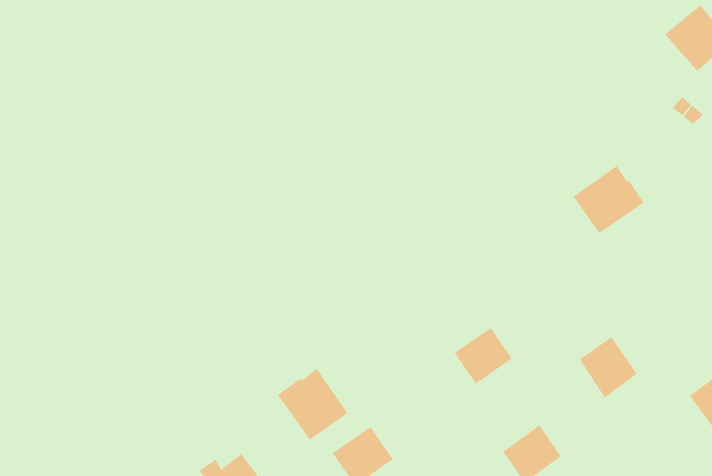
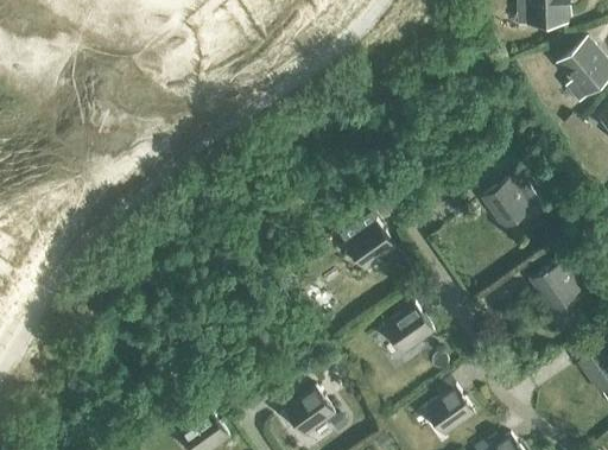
building: none -> [343,223,393,272]
building: [579,337,638,398] -> [530,261,578,312]
building: [277,368,348,441] -> none

